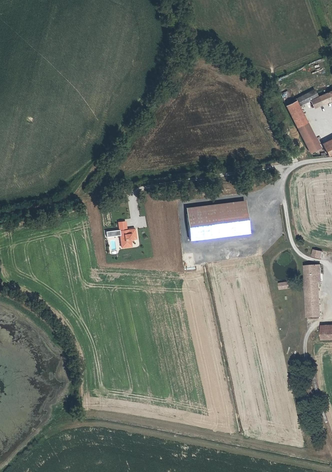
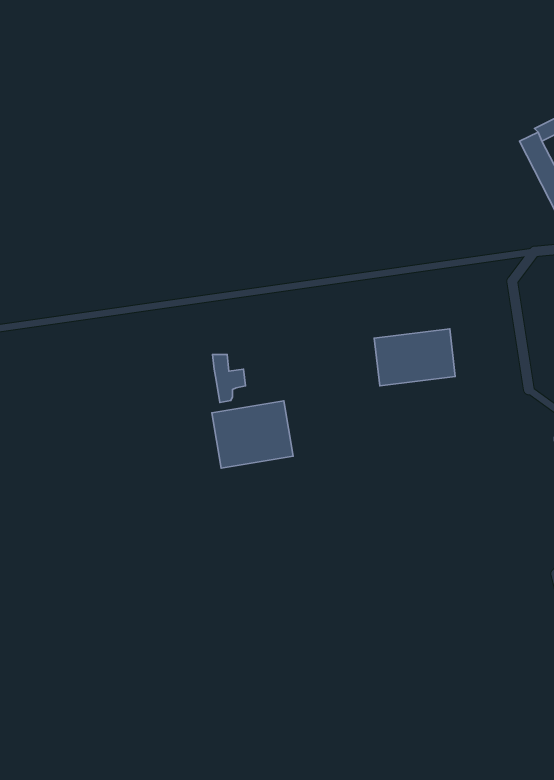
building: [187,211,209,239] -> none
building: none -> [212,401,293,468]

